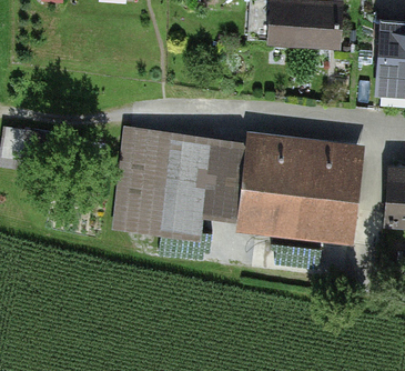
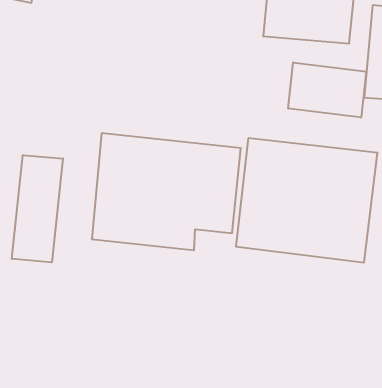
building: none -> [288,62,366,118]
building: none -> [12,155,63,262]

